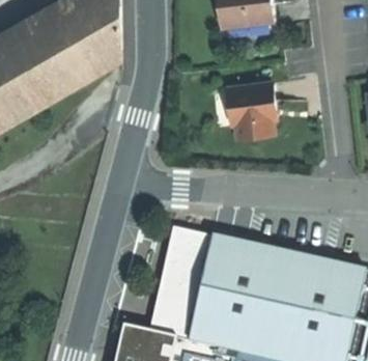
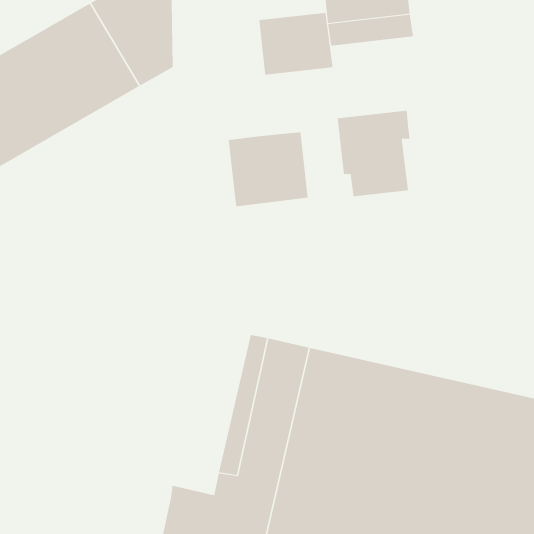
building: none -> [259,12,333,76]
building: none -> [228,131,308,207]

